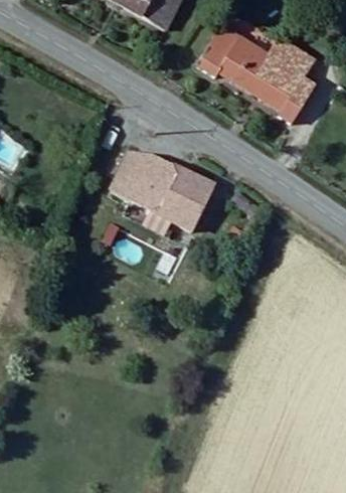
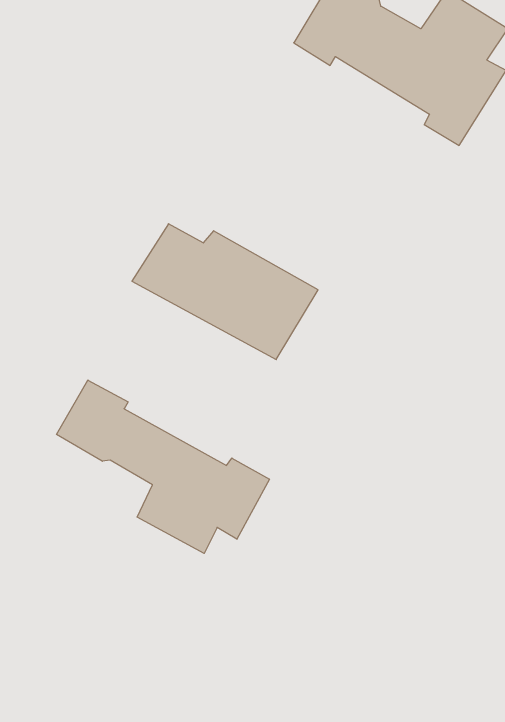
building: none -> [57,380,269,553]

